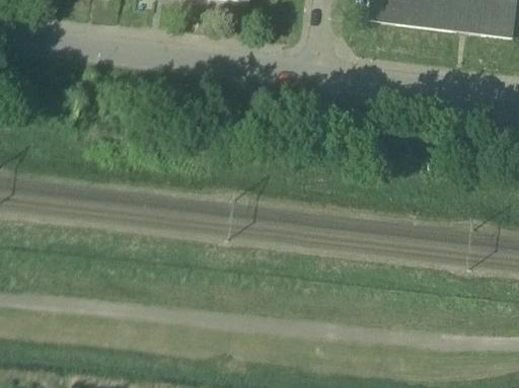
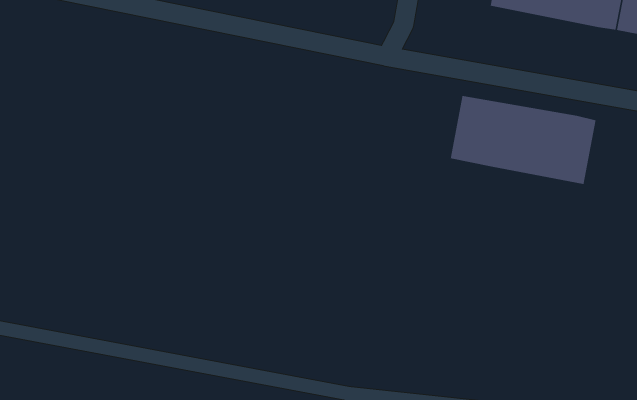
building: none -> [450,95,596,185]

